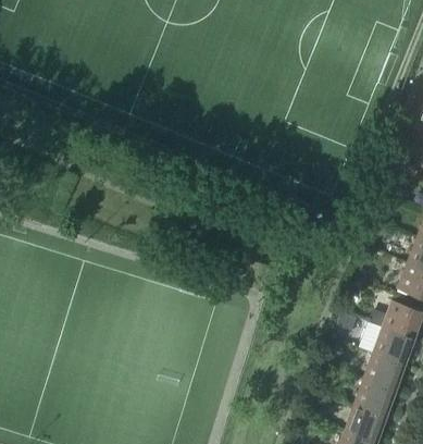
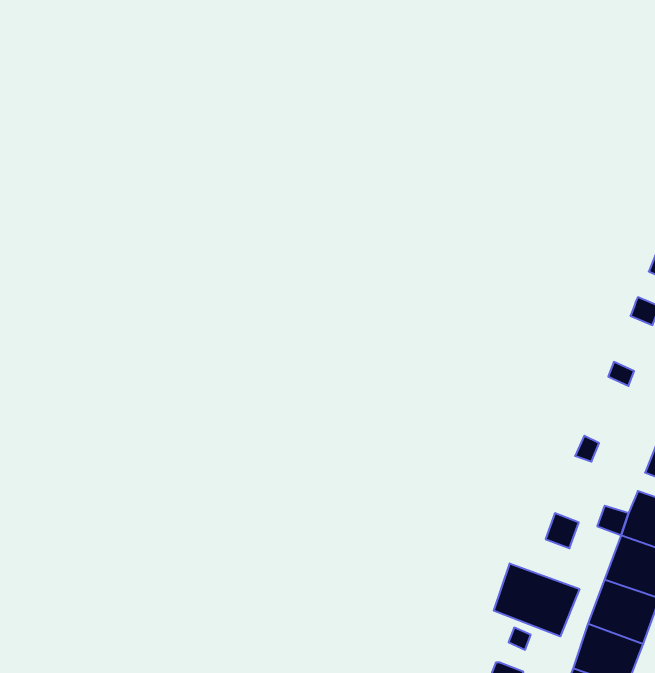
building: none -> [494,563,579,636]

